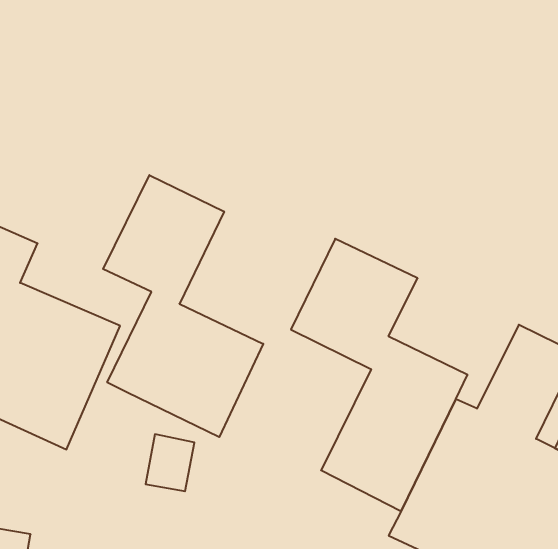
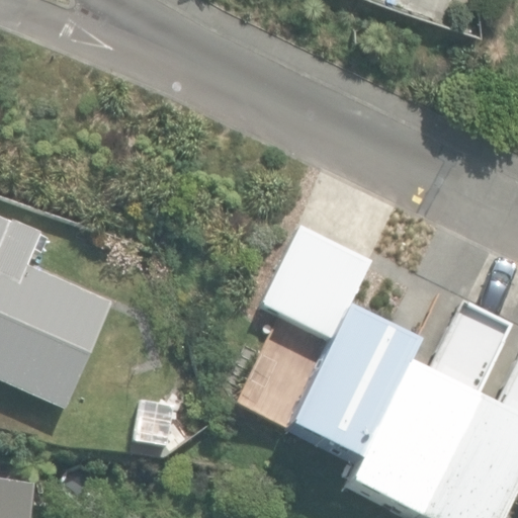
building: [103,175,263,437] -> none

